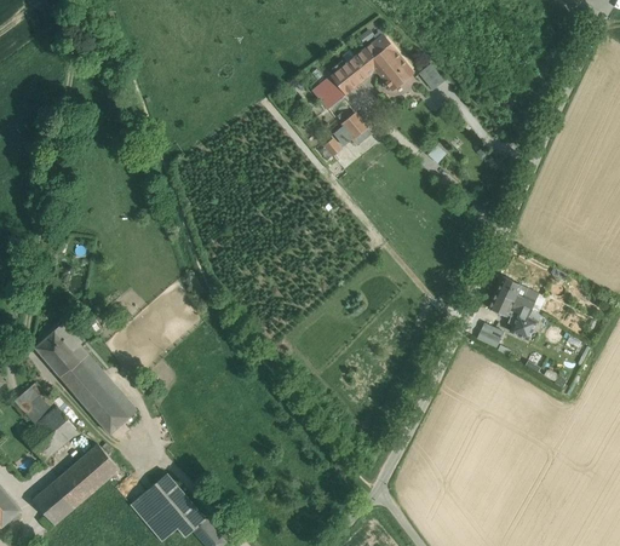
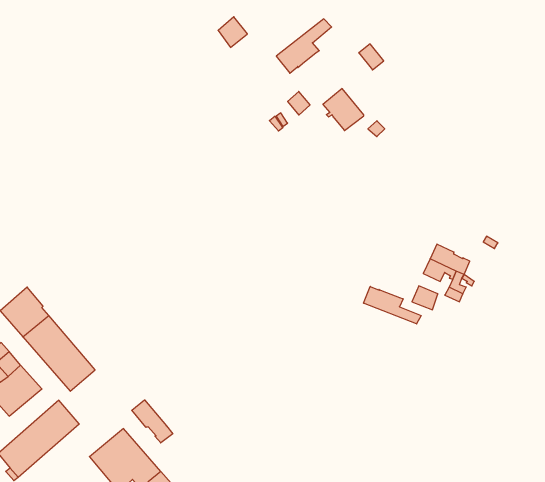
building: [368,44,412,88] -> [323,89,364,131]
building: [312,75,344,108] -> [218,17,247,47]
building: none -> [364,286,421,324]
building: none -> [132,400,173,443]

